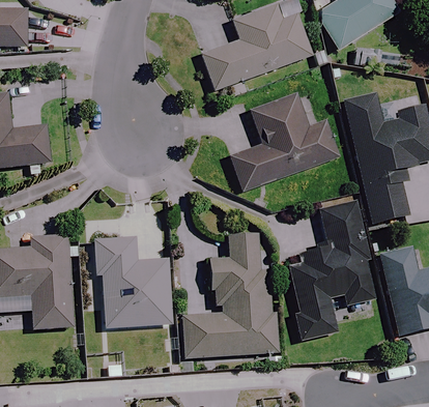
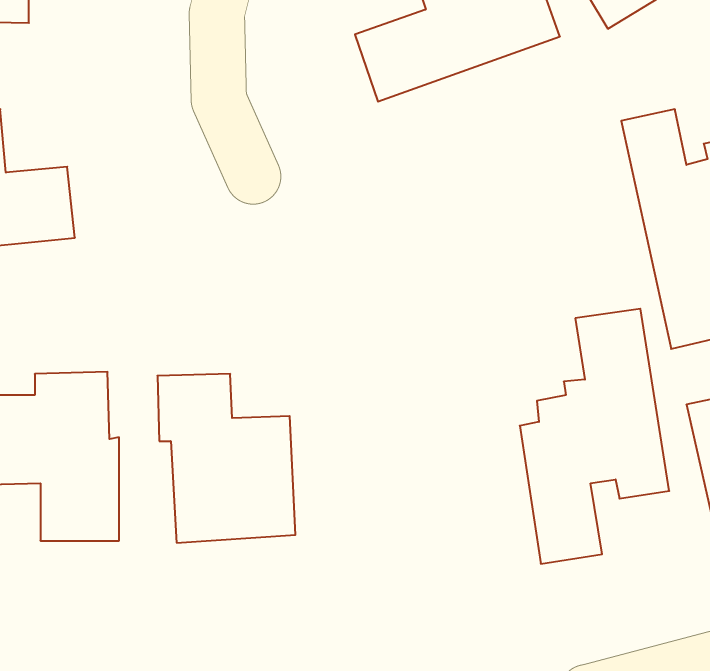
building: [230,93,342,190] -> none
building: [181,231,278,357] -> none

